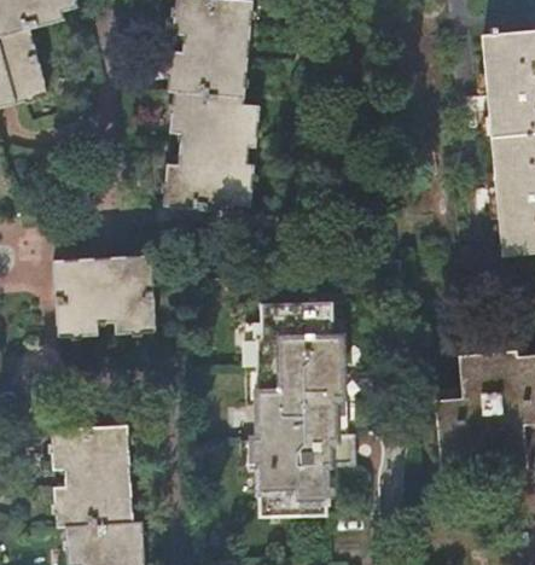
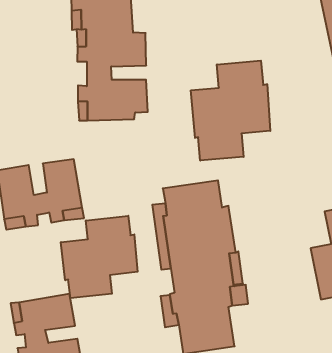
building: none -> [191,61,270,161]
building: none -> [61,216,138,298]

